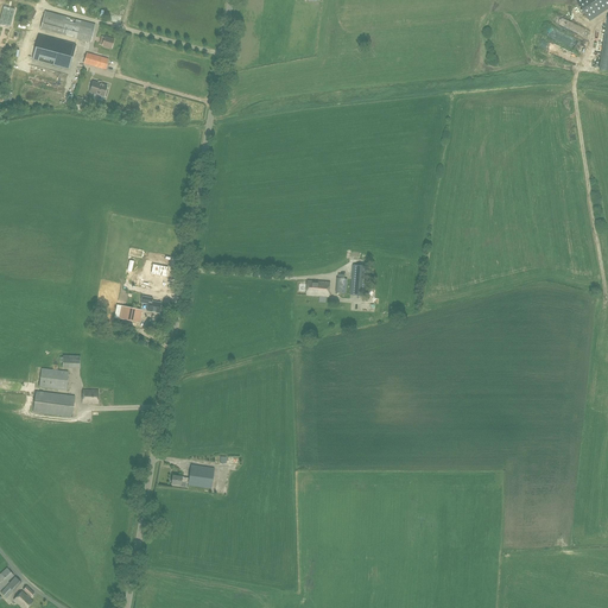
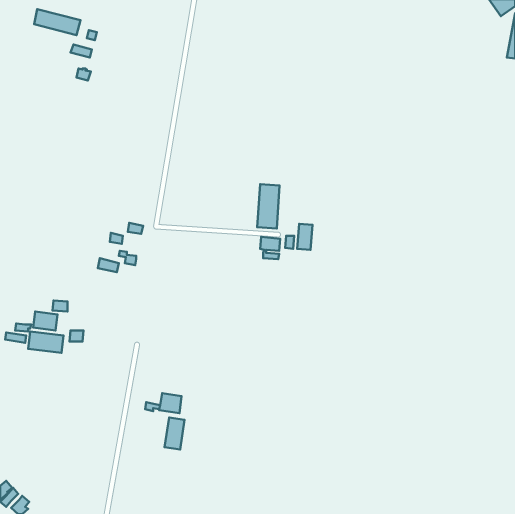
building: [32,34,75,68] -> none
building: none -> [257,184,280,229]
building: none -> [165,418,185,449]

